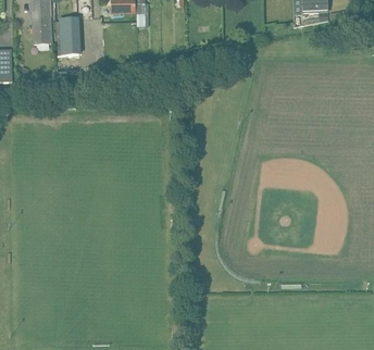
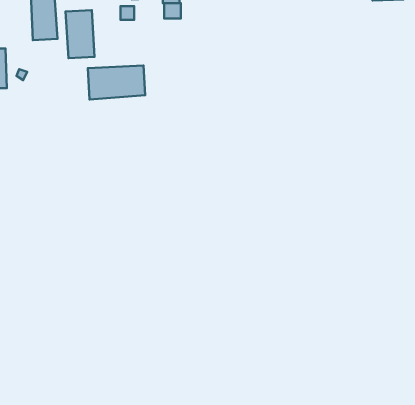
building: none -> [88,66,145,99]

